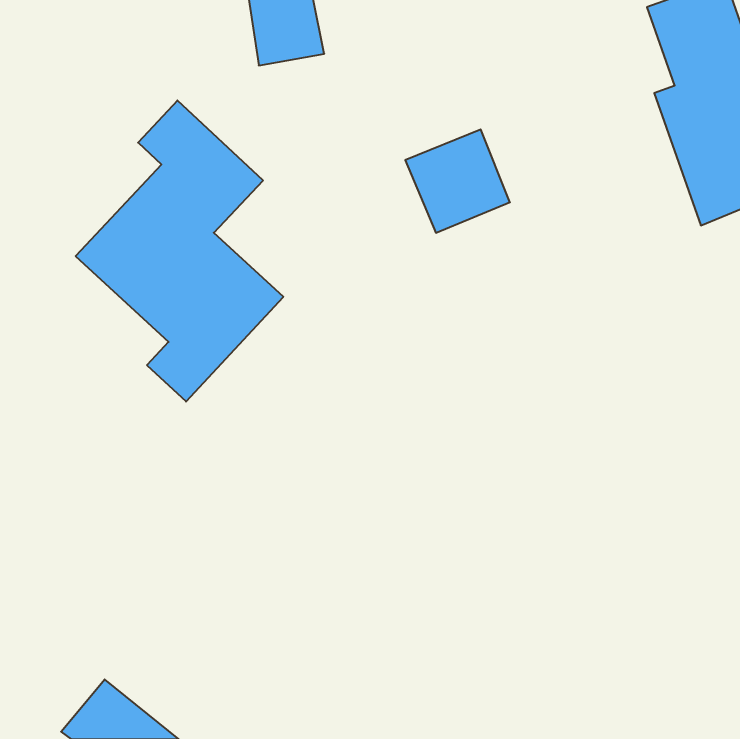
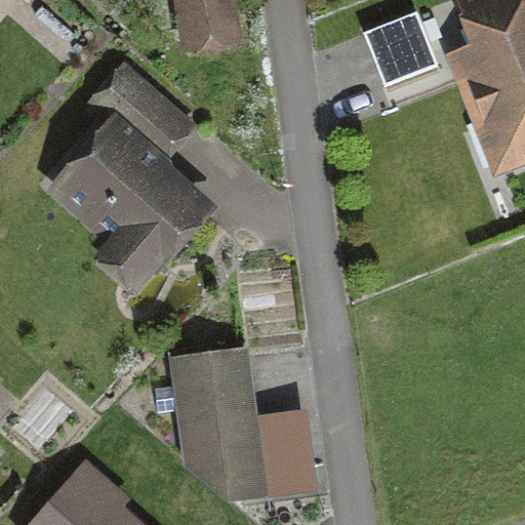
building: [405,129,510,233] -> [362,14,436,87]
building: none -> [179,360,307,495]

